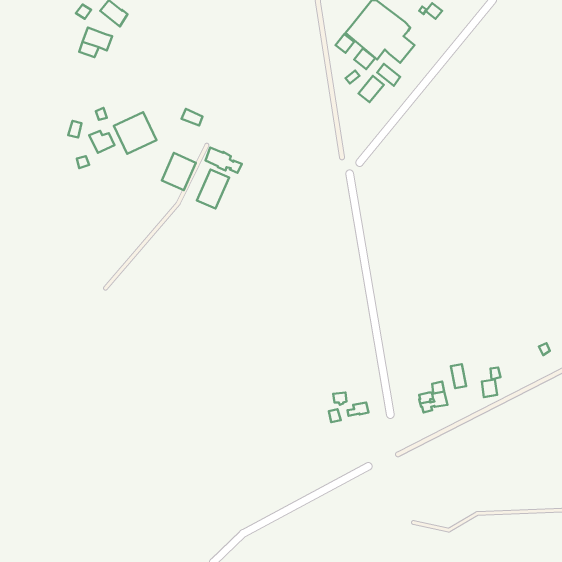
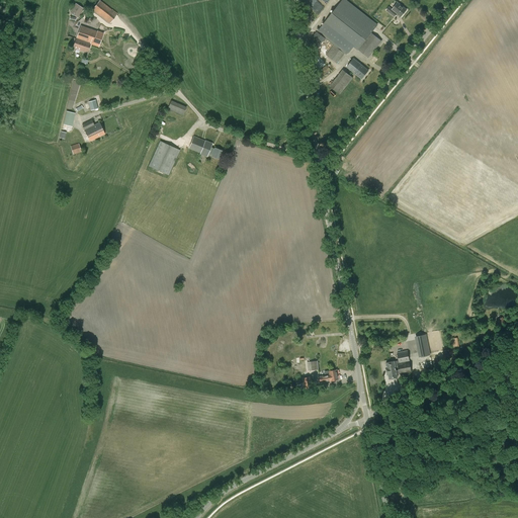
building: [114,112,156,154] -> none
building: [197,169,229,208] -> none

